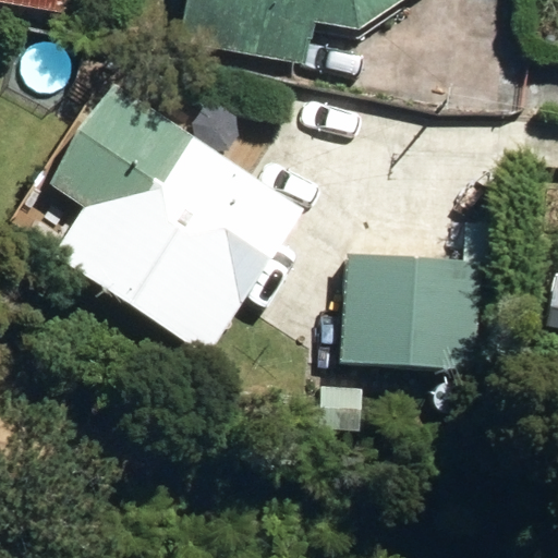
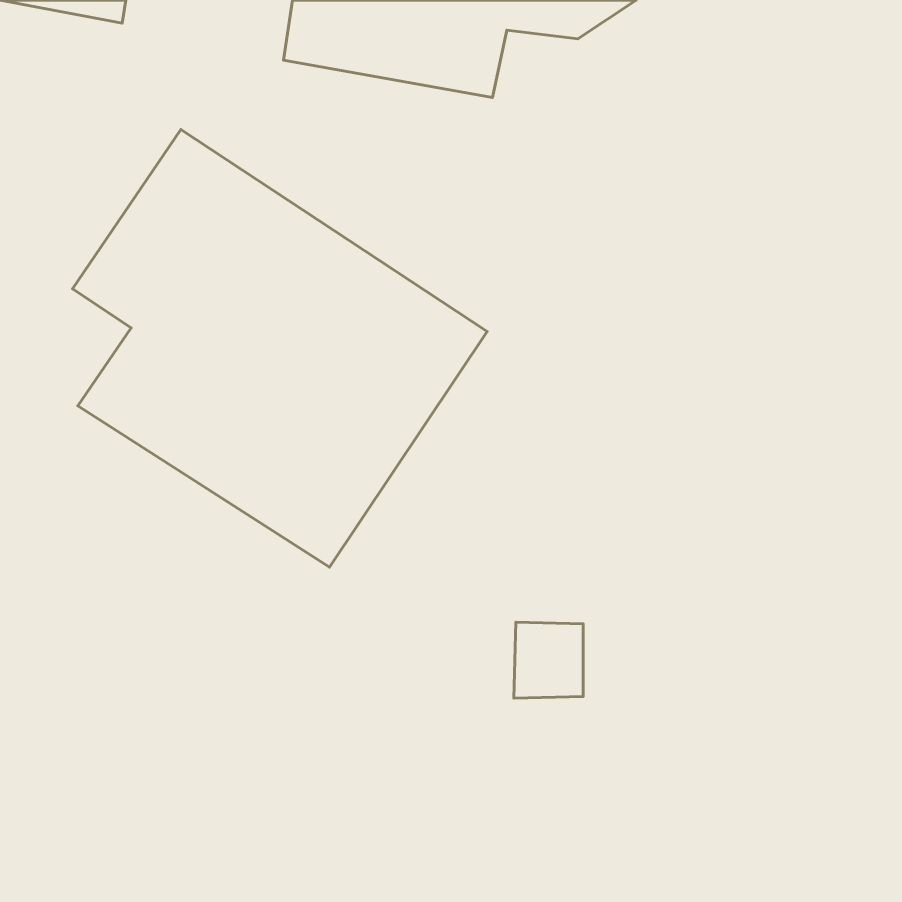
building: [340,252,481,368] -> none

